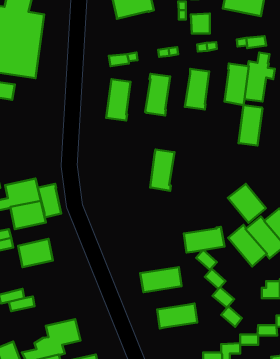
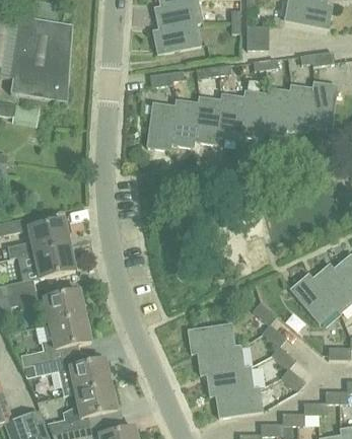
building: none -> [151,22,201,54]
building: none -> [215,92,244,142]
building: [238,105,263,146] -> [262,87,290,135]
building: [150,149,174,191] -> [169,99,198,148]
building: [228,184,266,223] -> none
building: [38,184,61,217] -> none
building: [184,227,224,253] -> [196,344,243,374]
building: none -> [48,315,89,348]
building: none -> [61,358,110,395]
building: none -> [214,386,262,417]

